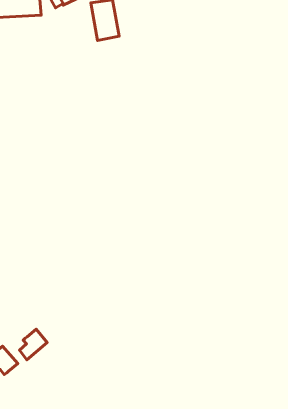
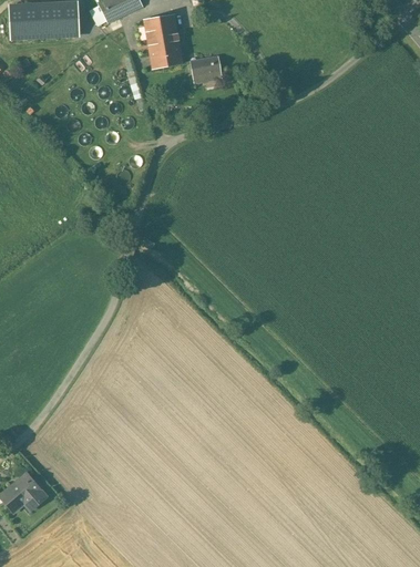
building: none -> [189,56,222,82]
building: [19,329,47,360] -> none

